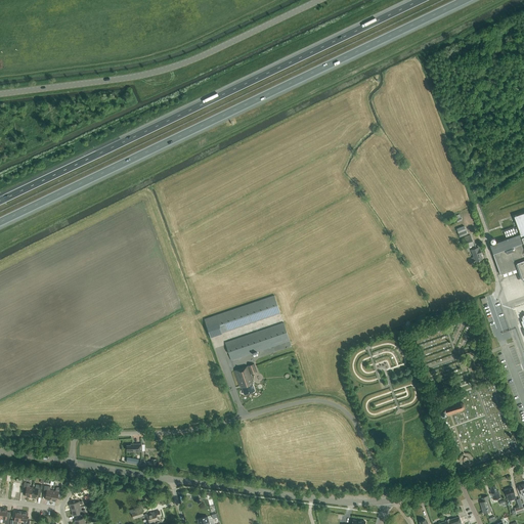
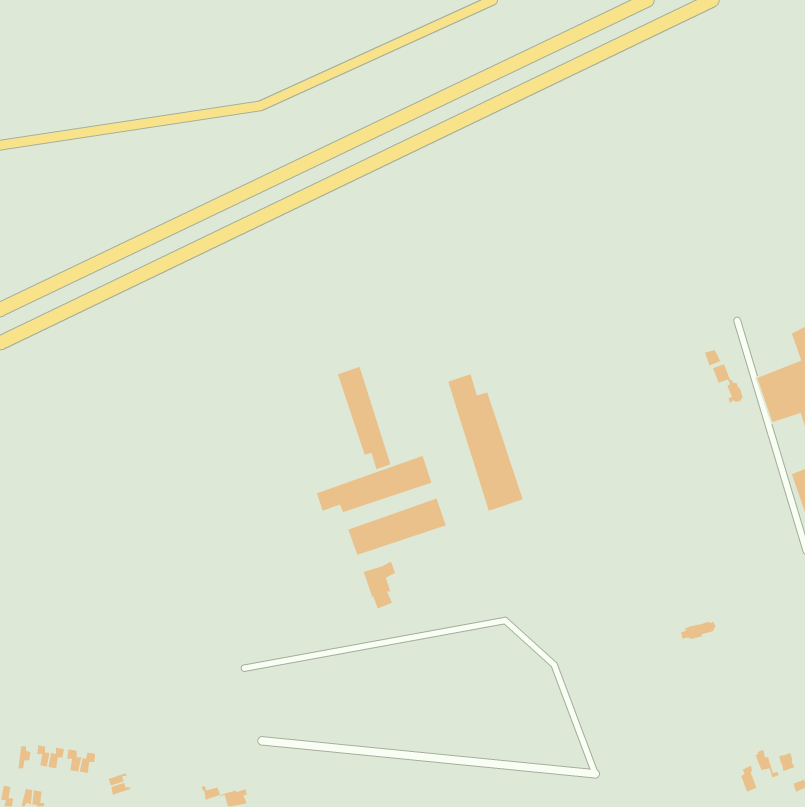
building: none -> [337,366,391,470]
building: none -> [447,373,524,512]

